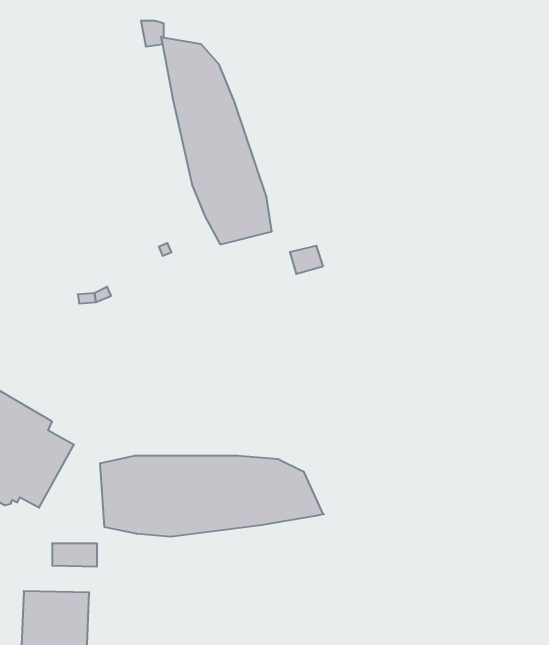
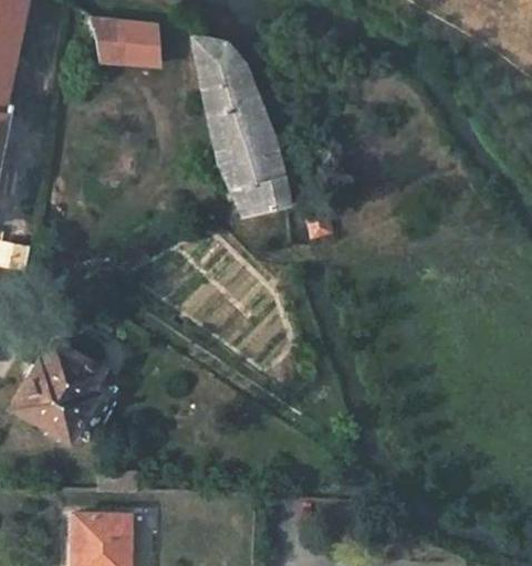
building: none -> [81,15,159,64]
building: [100,455,324,537] -> none

